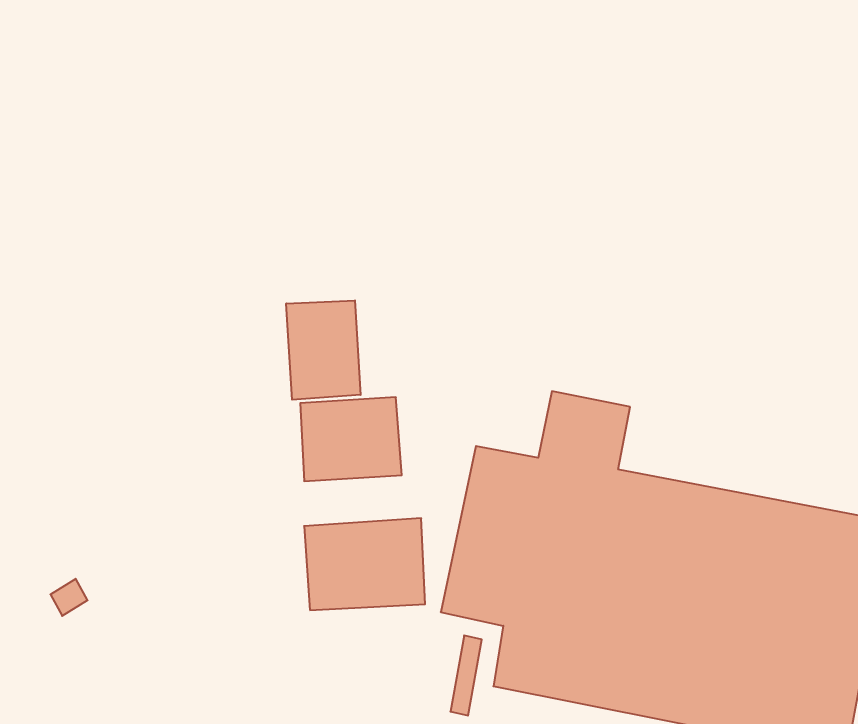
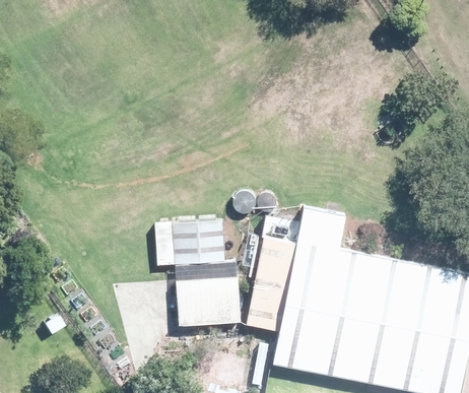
building: [286,300,361,400] -> none

